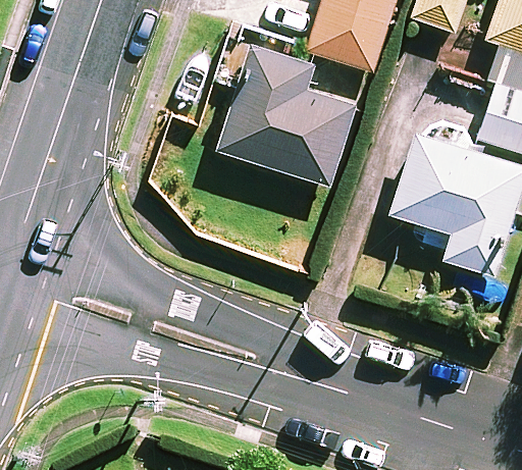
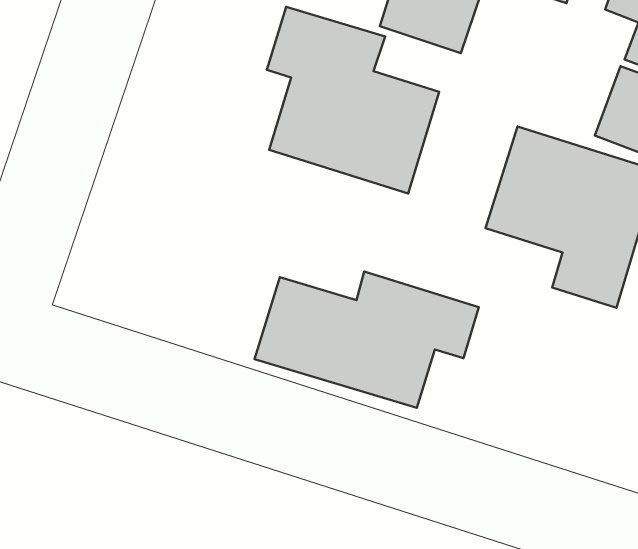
building: none -> [255,271,479,408]

